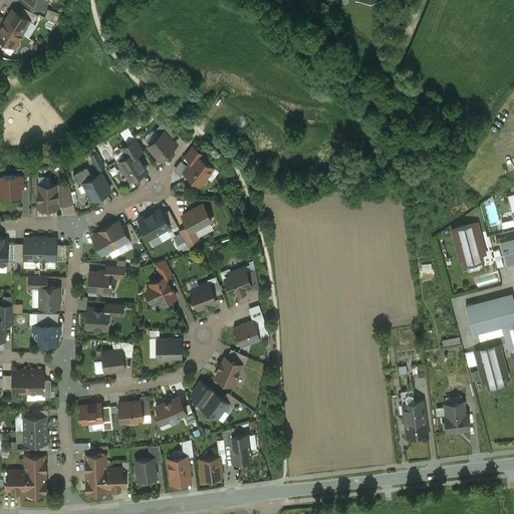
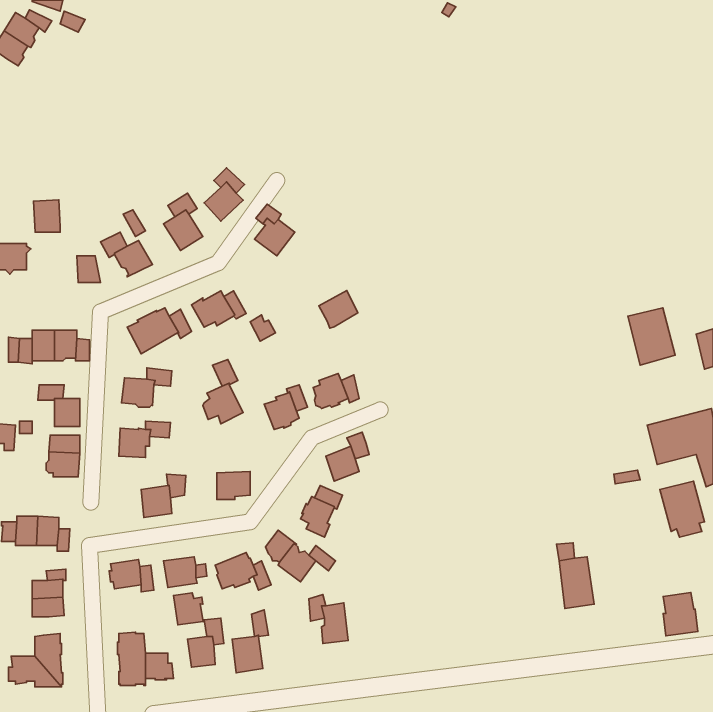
building: [37,186,56,209] -> [34,200,60,232]
building: [182,206,210,233] -> [319,290,358,328]
building: [443,402,468,433] -> [663,592,698,636]
building: none -> [173,593,203,625]
building: [199,458,221,481] -> none

